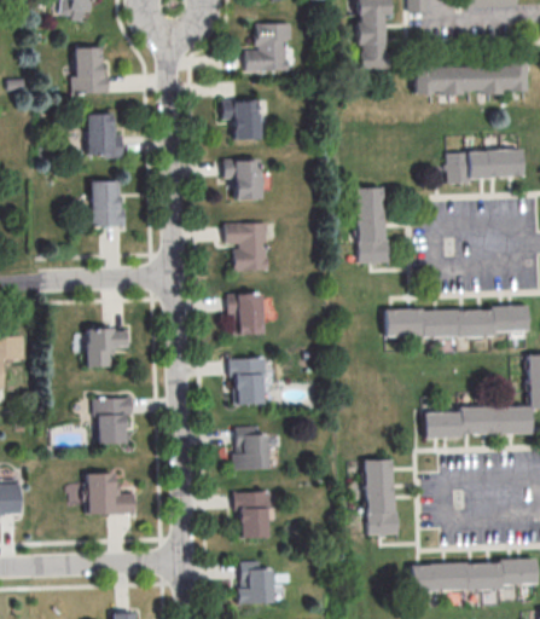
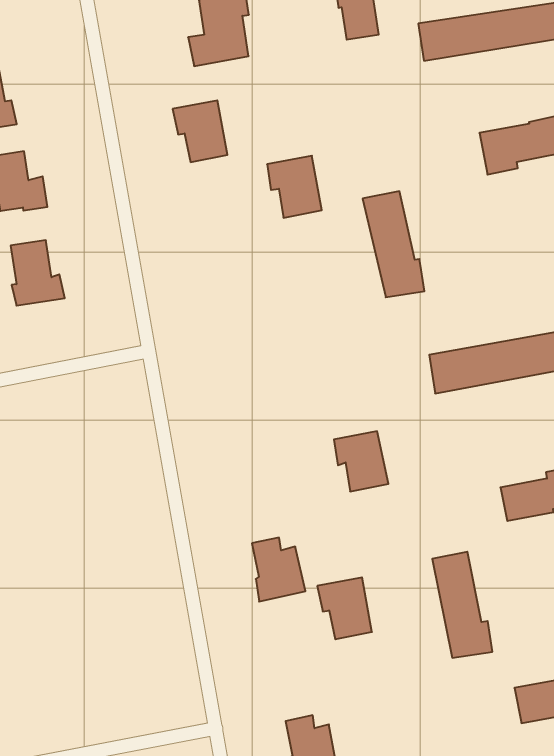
building: [226,160,261,202] -> [267,156,322,218]
building: [225,224,268,272] -> none
building: [227,294,262,336] -> none
building: [88,328,132,366] -> none
building: [230,359,265,400] -> [334,431,388,491]
building: [94,399,130,445] -> none
building: [87,473,137,514] -> none
building: [233,493,268,536] -> [317,577,372,639]

